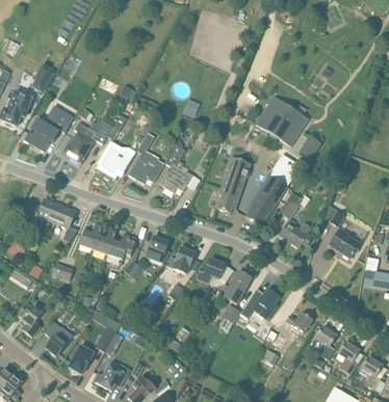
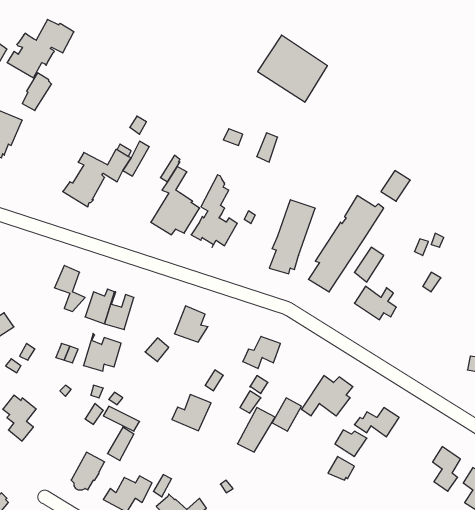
building: [256,96,308,145] -> [258,35,327,102]
building: [24,107,74,151] -> [7,19,74,78]
building: [99,143,134,173] -> none
building: [23,198,63,222] -> none
building: [330,227,359,258] -> none
building: [108,230,136,258] -> [83,333,121,371]
building: [166,246,196,273] -> [172,395,211,431]
building: [224,270,252,303] -> [237,408,275,452]
building: [44,322,73,356] -> none
building: [315,326,336,359] -> none

